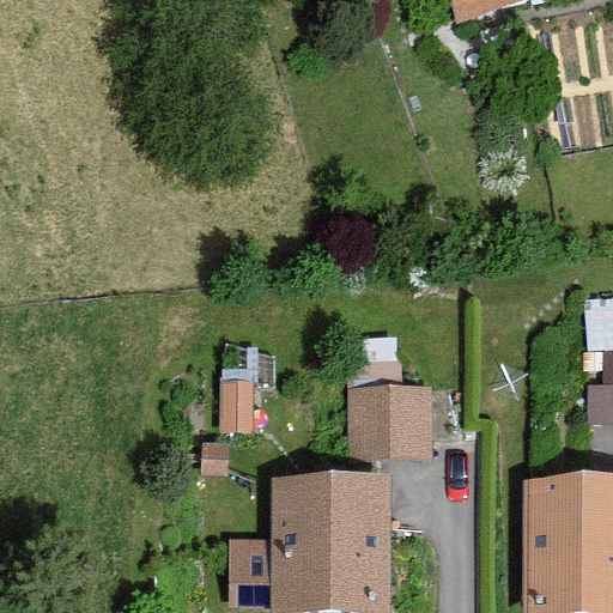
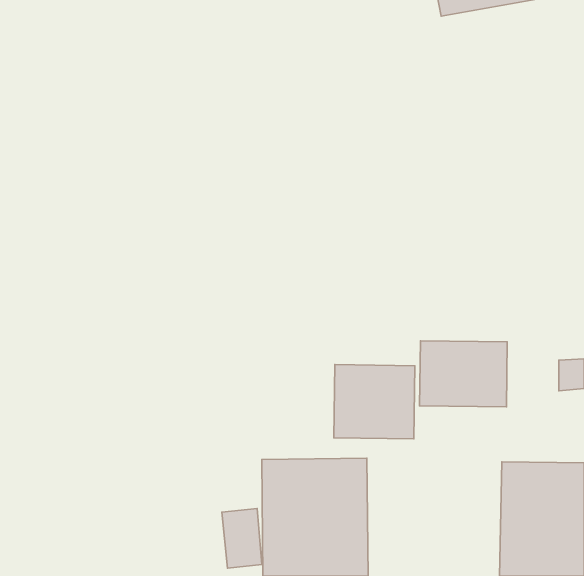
building: none -> [420,341,507,407]

